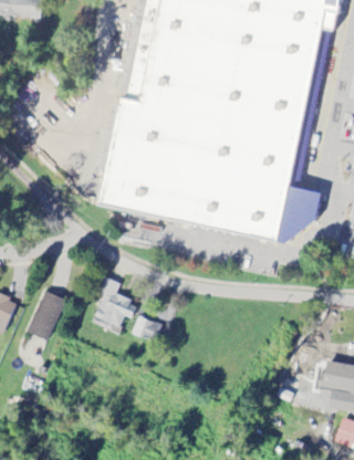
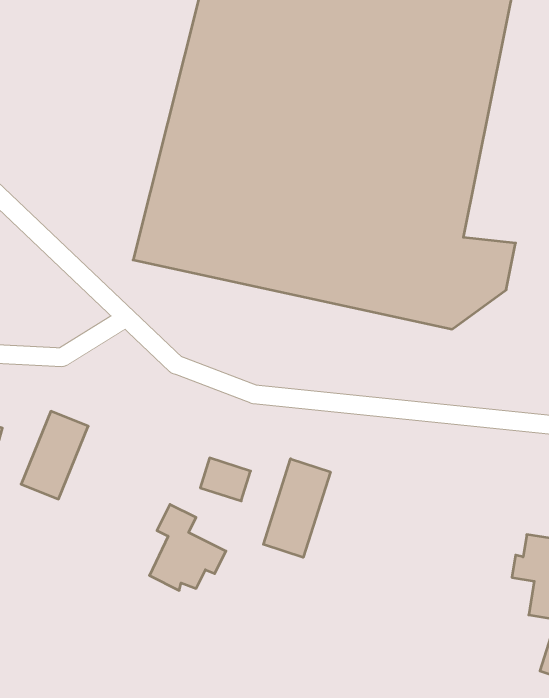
building: [94,276,139,327] -> [149,504,226,590]
building: none -> [263,459,330,557]

